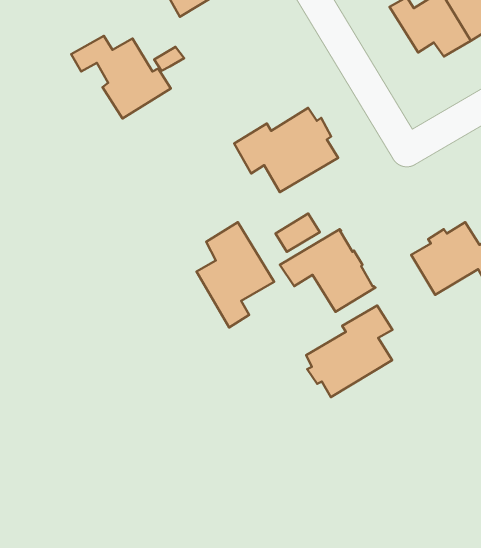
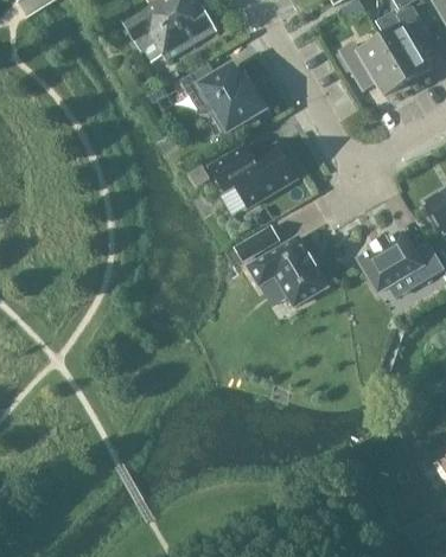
building: [71,36,171,118] -> [180,64,263,133]
building: [197,222,274,327] -> none
building: [306,305,393,397] -> none

